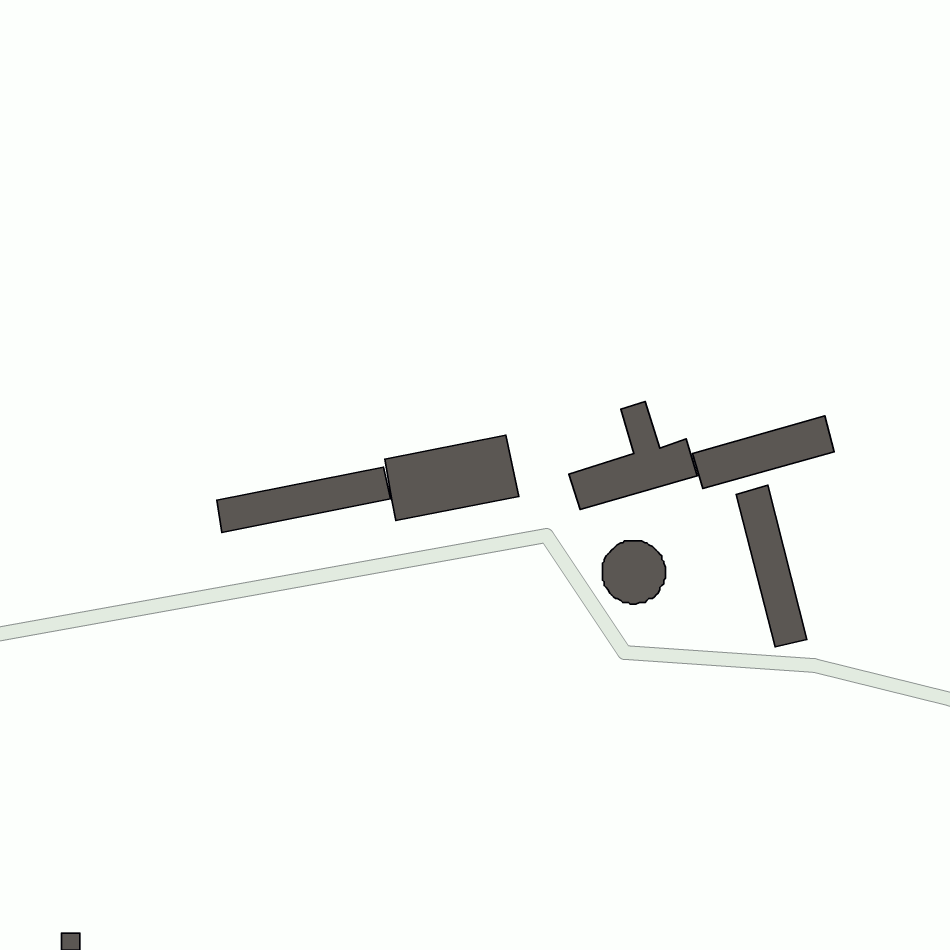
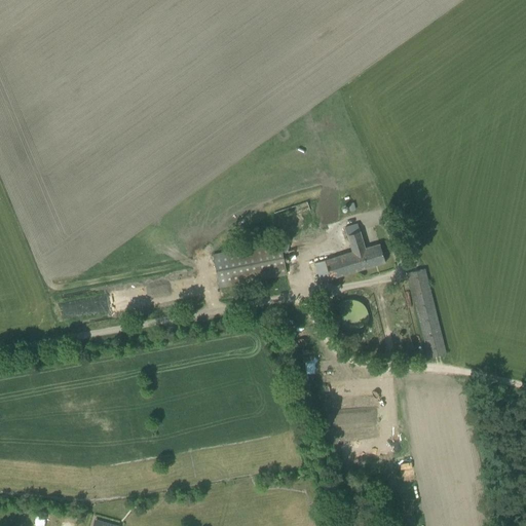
building: [692,416,834,489] -> none
building: [217,467,390,533] -> none

